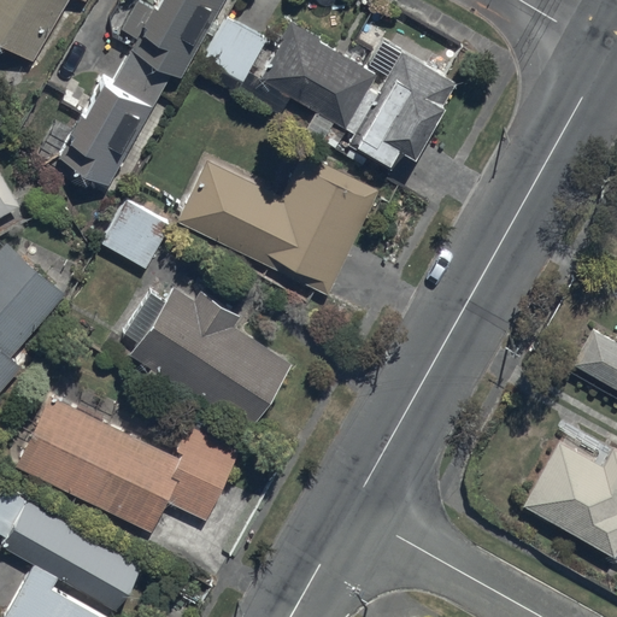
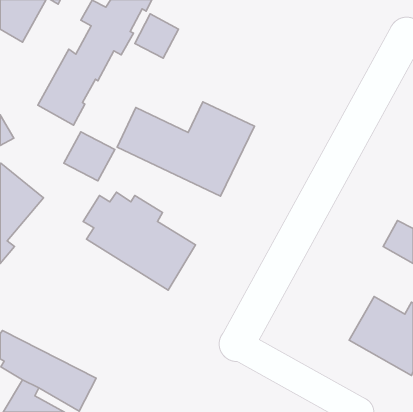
building: [259,28,456,171] -> none
building: [12,393,240,534] -> none

